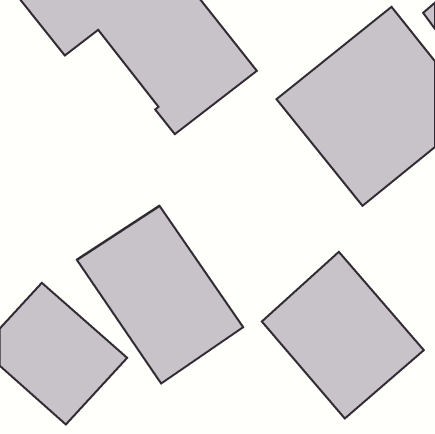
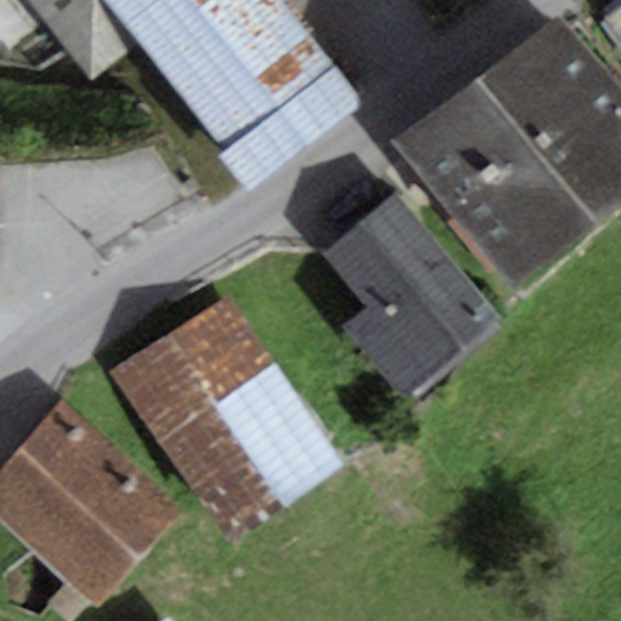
building: none -> [325,193,501,400]
building: [262,252,424,418] -> none

